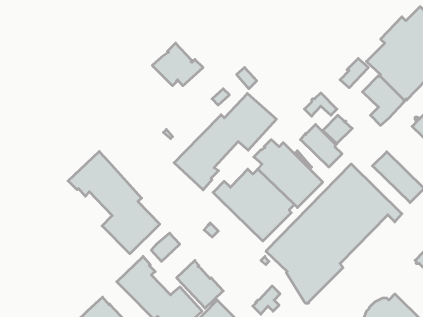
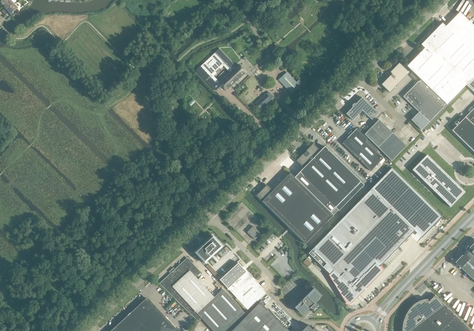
building: [174,93,276,190] -> none
building: none -> [377,132,405,160]
building: [68,151,160,254] -> none

